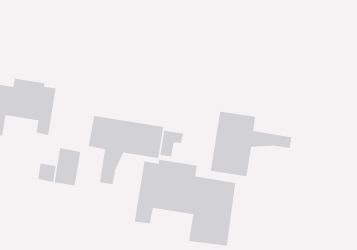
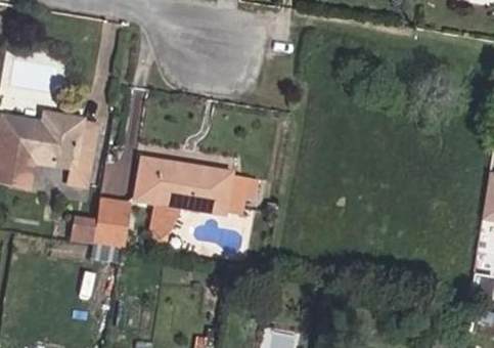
building: [210,111,292,177] -> none
building: [134,159,236,247] -> none

